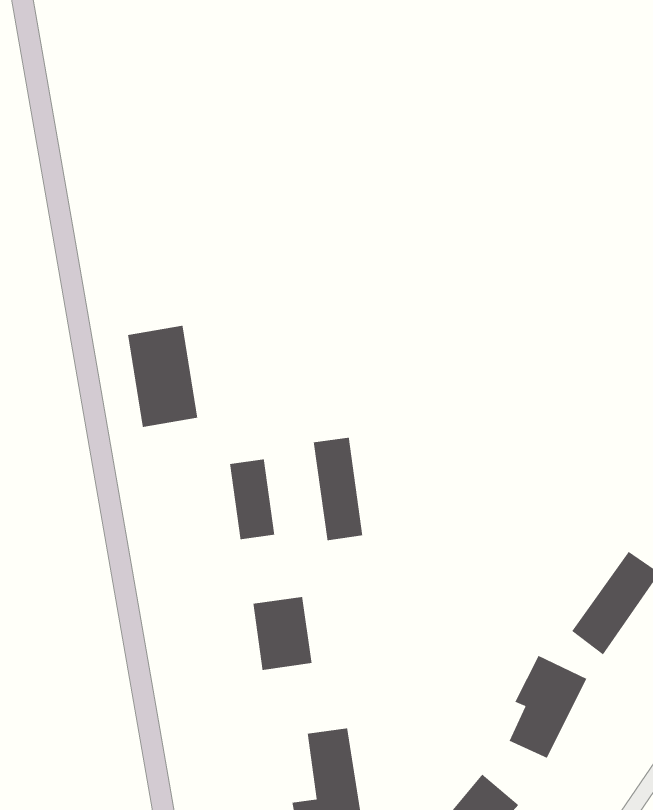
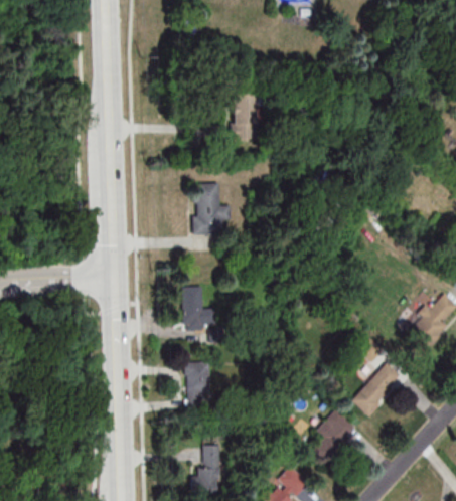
building: none -> [232,95,255,139]
building: [127,325,198,428] -> [192,183,223,234]
building: [313,437,363,541] -> none

